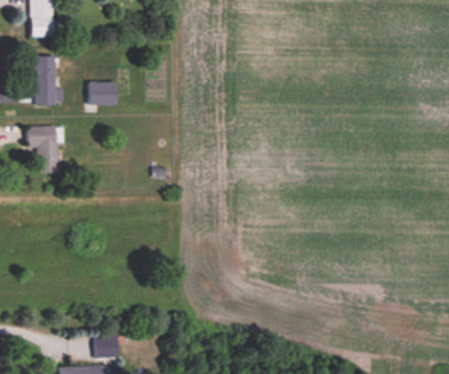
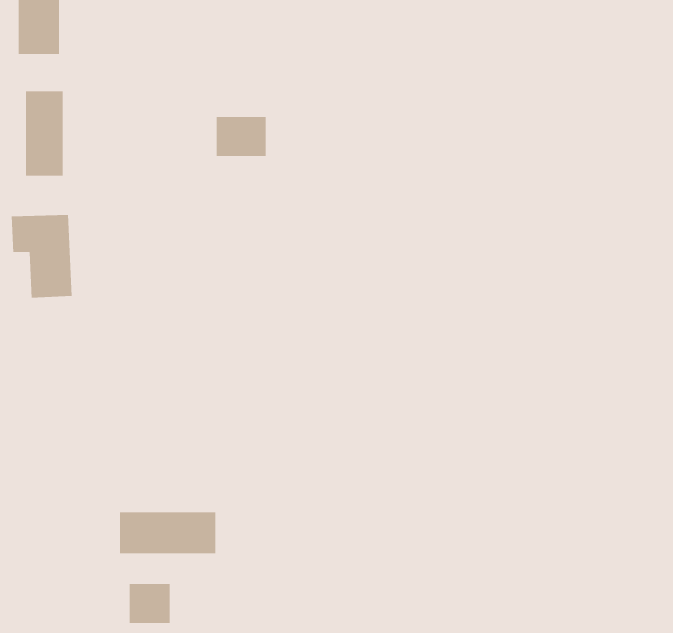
building: [88,82,117,105] -> [216,116,267,156]
building: none -> [119,511,216,554]

